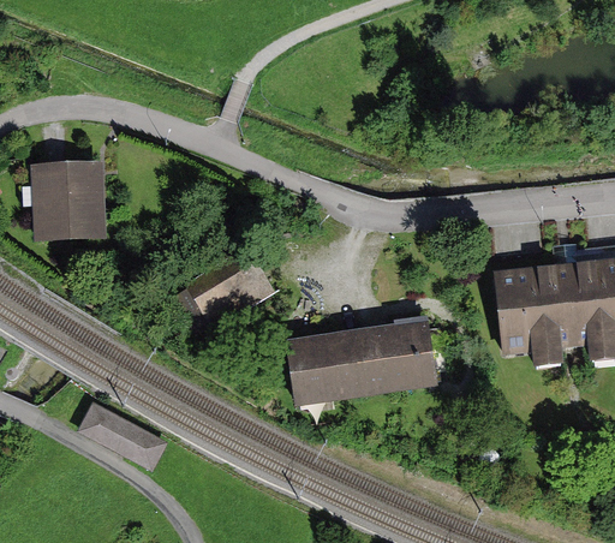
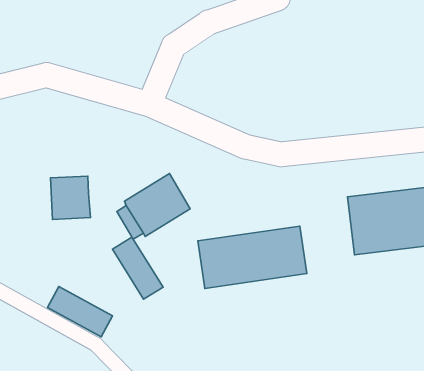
building: [43,177,98,237] -> [51,176,90,219]
building: none -> [112,237,163,299]

